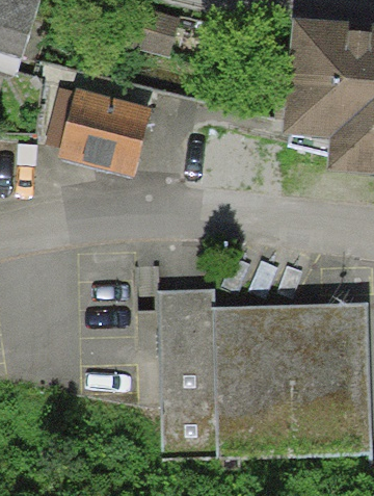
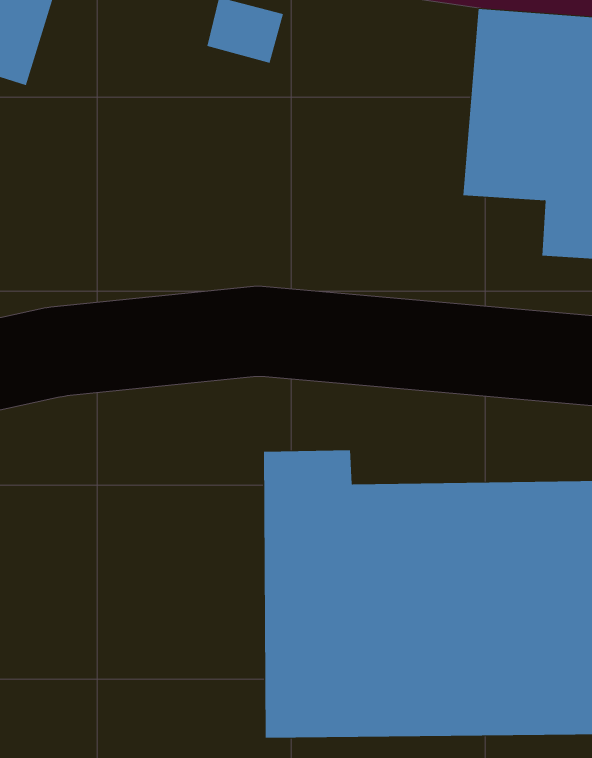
building: [48,87,151,174] -> none

